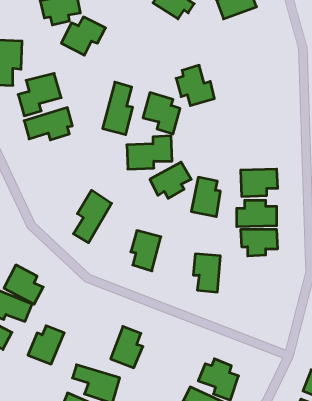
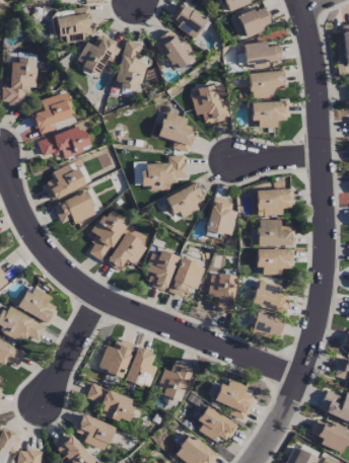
building: none -> [153,30,196,71]
building: none -> [243,41,283,68]
building: none -> [250,71,286,98]
building: [103,82,133,135] -> [114,40,144,92]
building: none -> [252,101,289,128]
building: none -> [47,164,87,200]
building: none -> [55,191,96,224]
building: none -> [108,232,148,273]
building: none -> [169,257,206,298]
building: none -> [253,280,291,314]
building: none -> [253,311,286,339]
building: [28,326,64,364] -> [98,338,135,377]
building: none -> [156,361,193,401]

